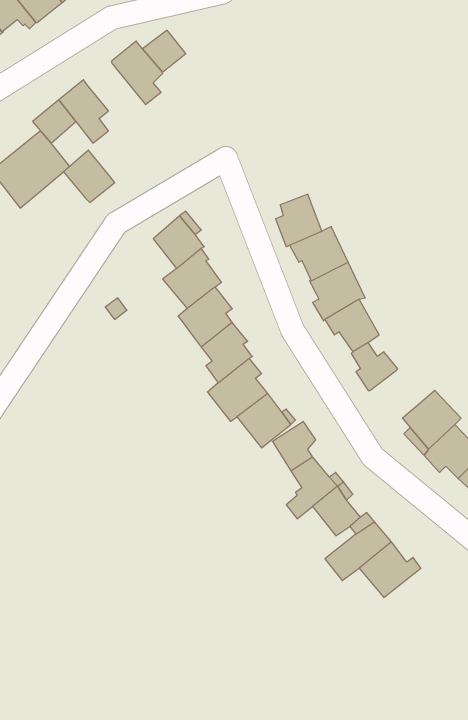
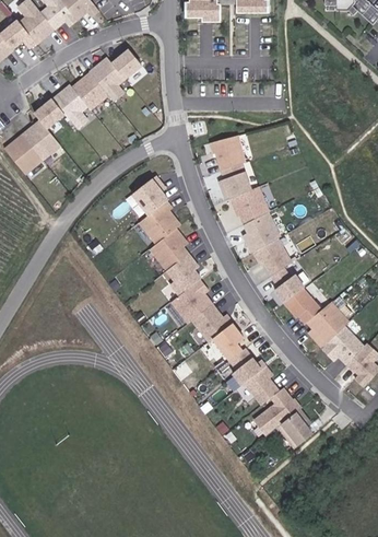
building: [64,150,115,203] -> [80,67,116,104]
building: none -> [203,132,239,167]
building: none -> [280,284,317,320]

